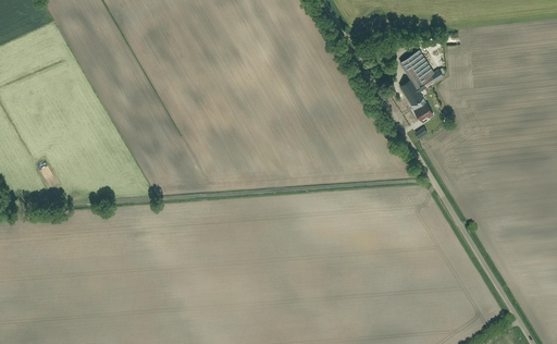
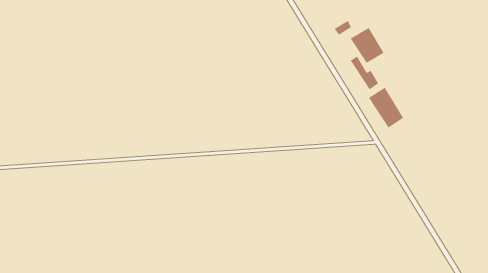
building: none -> [368,87,404,129]

